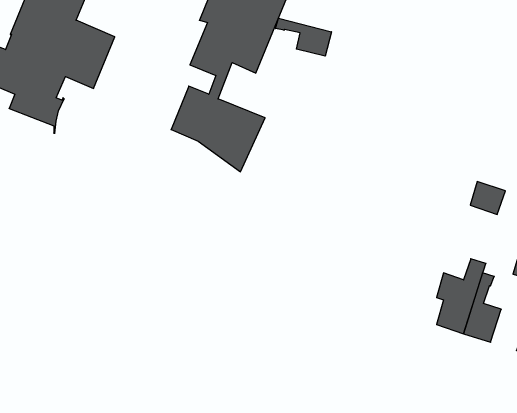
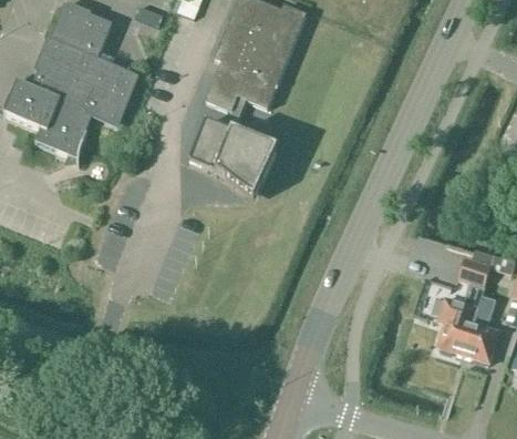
building: [276,18,331,56] -> none
building: [470,182,505,214] -> [457,255,490,286]

